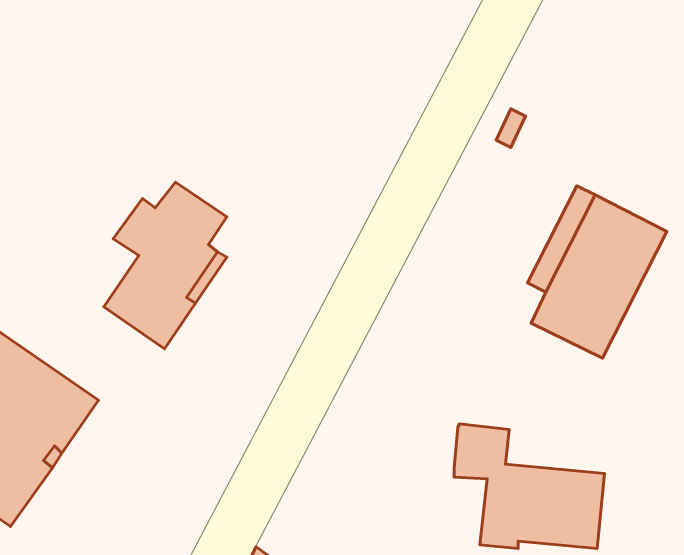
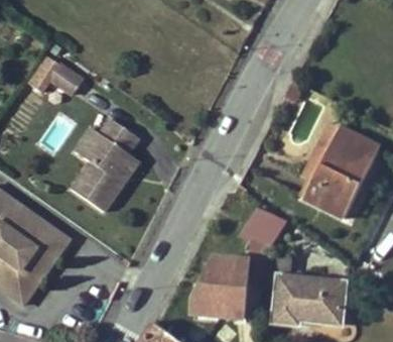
building: none -> [27,54,82,106]
building: none -> [196,208,286,319]

